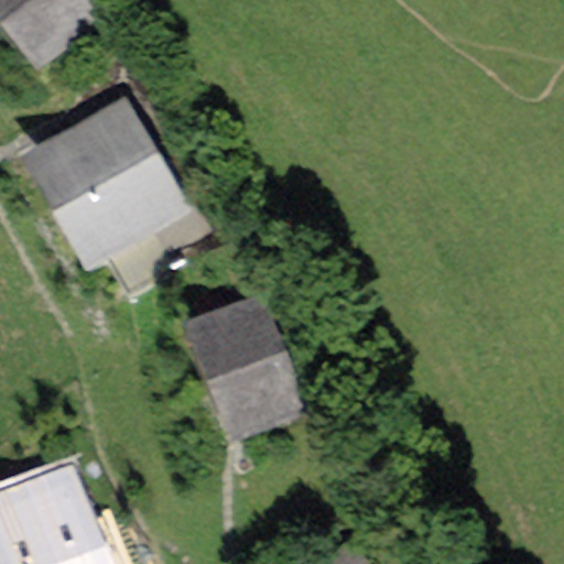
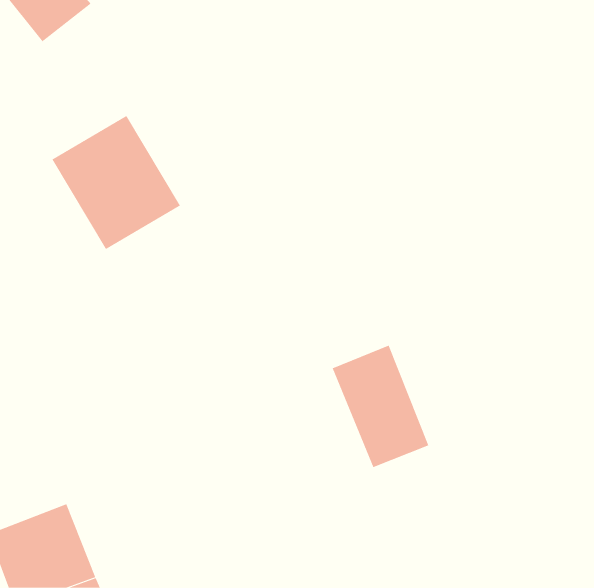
building: [204,299,295,414] -> [332,345,429,468]

